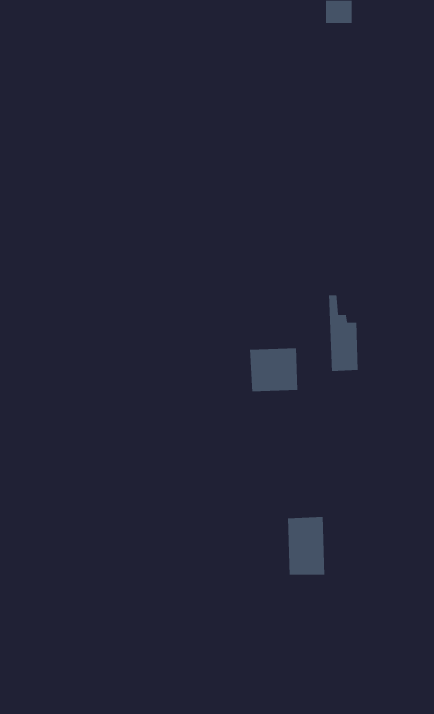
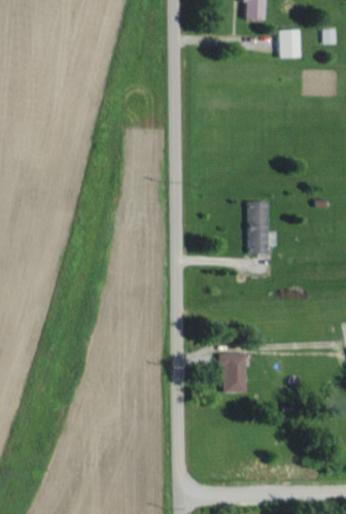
building: none -> [279,29,301,58]
building: [249,347,298,392] -> none

